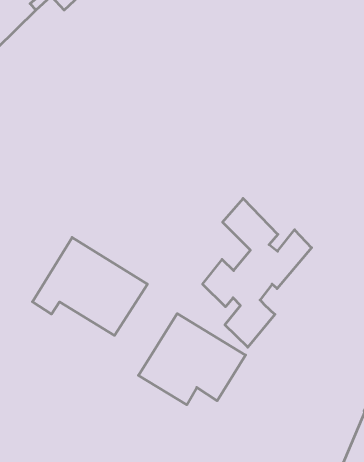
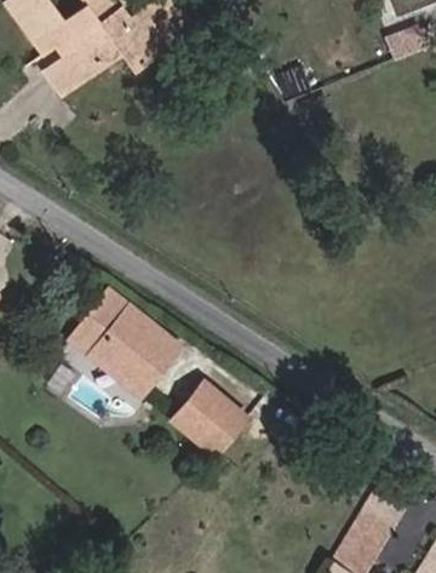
building: [203,198,312,347] -> none

